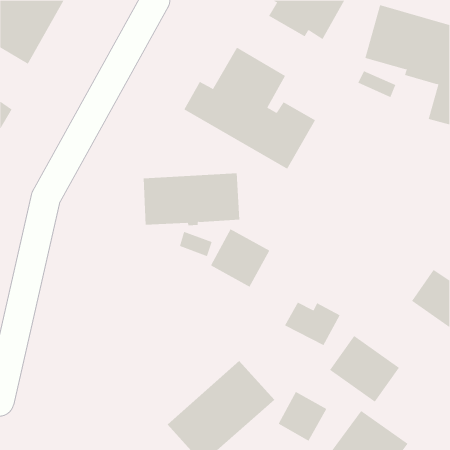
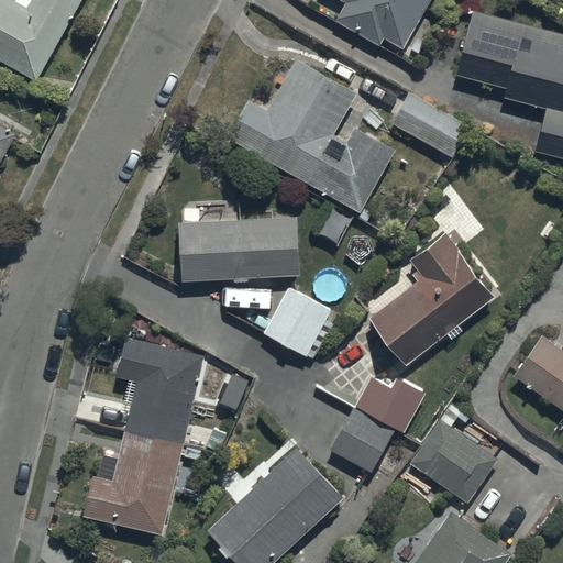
building: none -> [390,92,467,157]
building: none -> [371,231,495,364]
building: none -> [80,340,202,534]
building: [278,391,327,442] -> [331,409,393,472]

